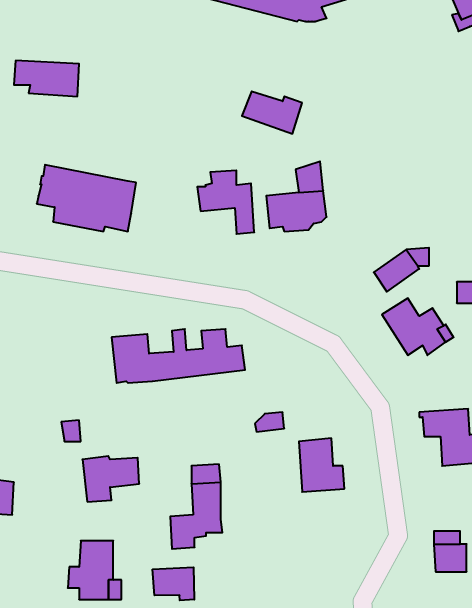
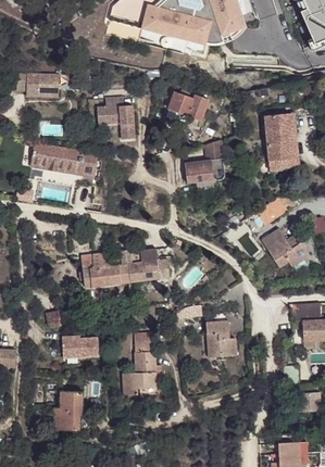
building: none -> [264,114,298,171]
building: [197,170,254,234] -> [97,96,135,138]
building: [153,567,194,600] -> none

